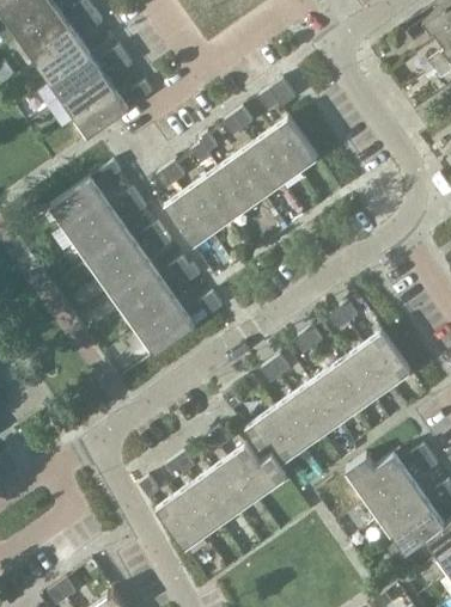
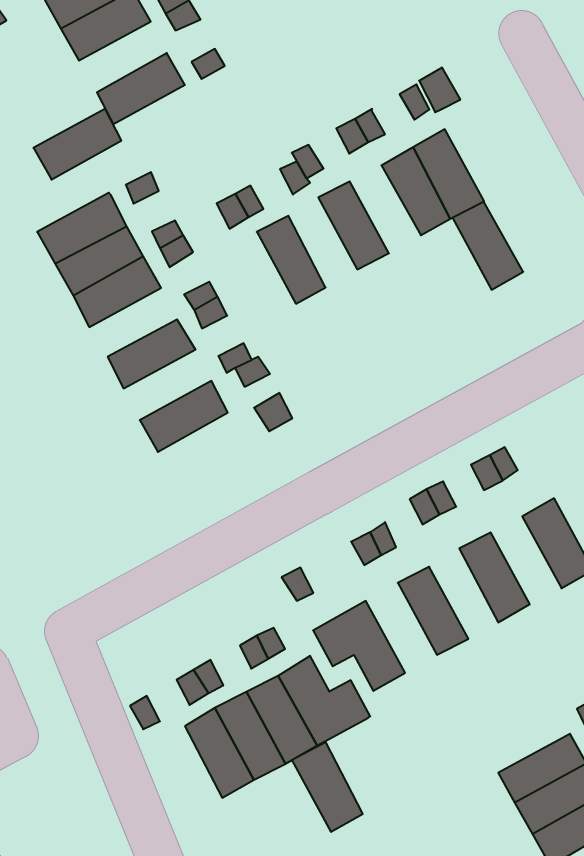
building: [62,73,115,119] -> [33,109,121,180]
building: [234,143,281,196] -> [452,202,523,290]
building: [200,167,245,221] -> none
building: [163,192,211,246] -> none
building: [87,233,140,278] -> none
building: [112,268,165,314] -> none
building: [138,304,190,349] -> none
building: [345,345,391,398] -> none
building: [310,369,355,423] -> none
building: [274,394,321,448] -> none
building: [345,454,407,502] -> none
building: [154,496,201,550] -> [292,742,363,832]

